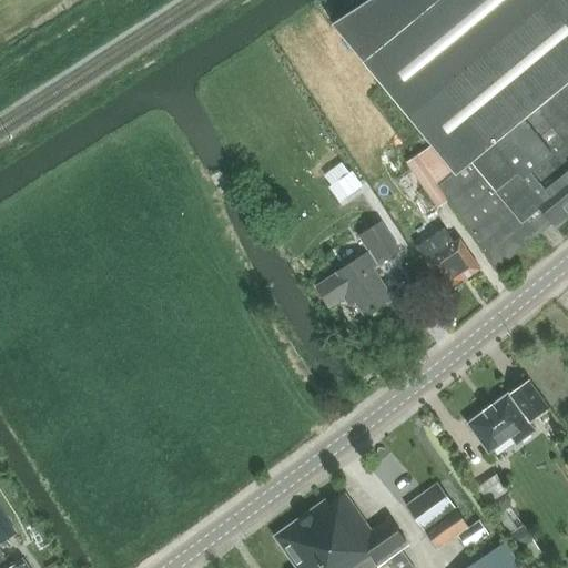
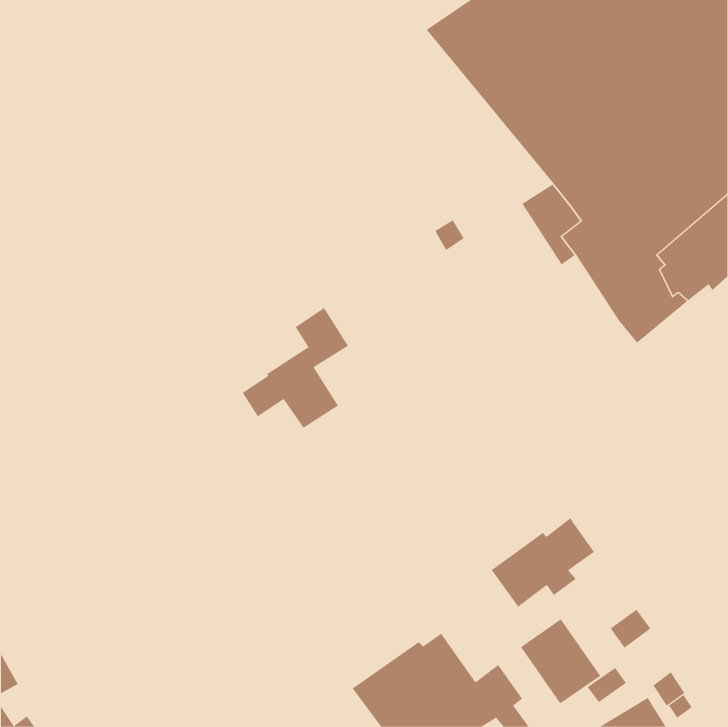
building: [316,220,399,314] -> [242,307,349,428]
building: [425,227,480,291] -> none
building: [467,381,548,450] -> [491,518,595,607]

